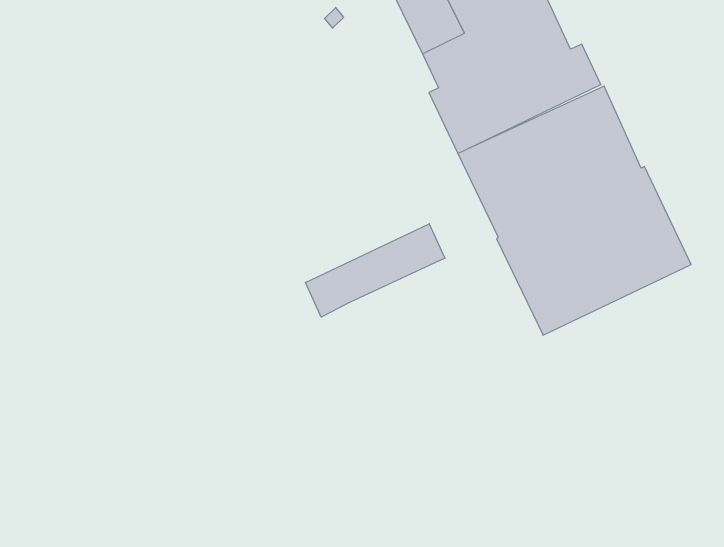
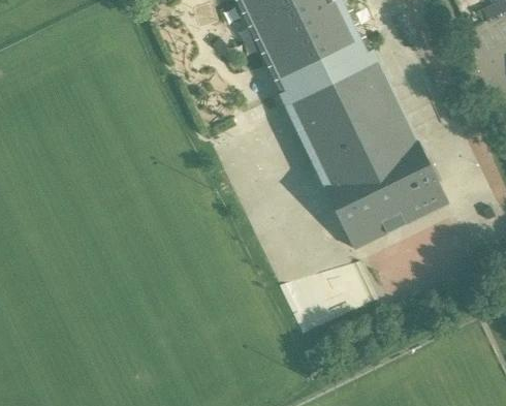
building: [305,224,445,317] -> none

